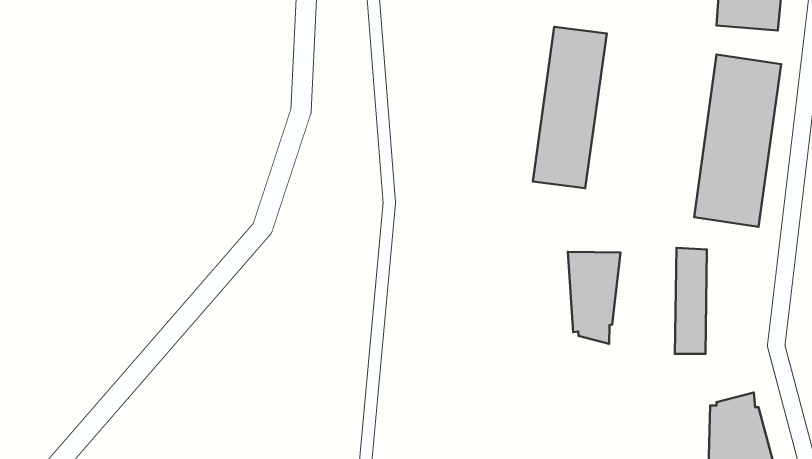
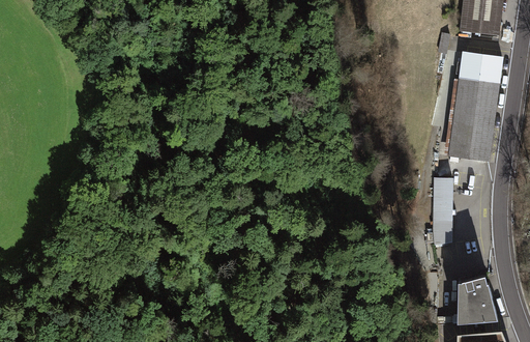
building: [533,27,607,188] -> none
building: [568,252,620,344] -> none

